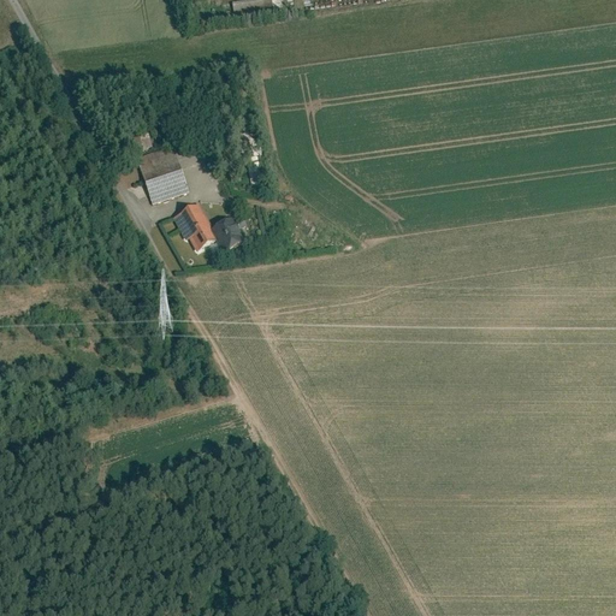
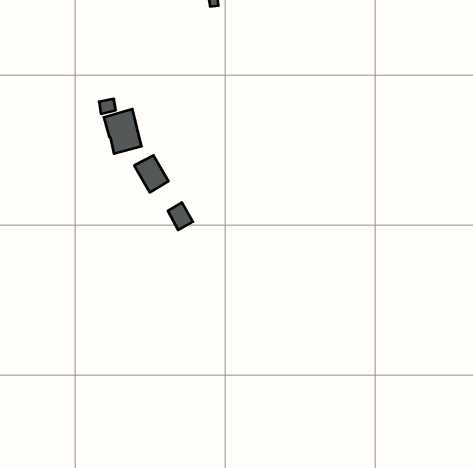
building: [217,215,249,251] -> [168,202,193,230]

